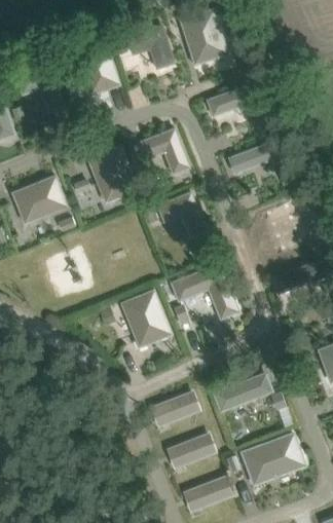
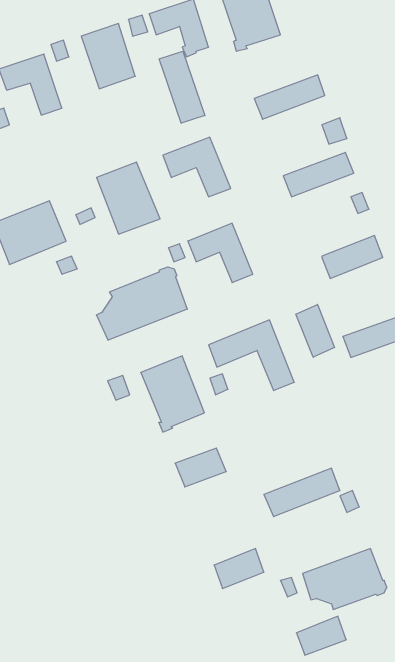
building: none -> [159,51,205,123]
building: none -> [97,267,187,340]
building: none -> [296,304,335,357]
building: [159,394,197,422] -> [175,448,226,487]
building: [192,478,229,507] -> [296,616,346,655]

